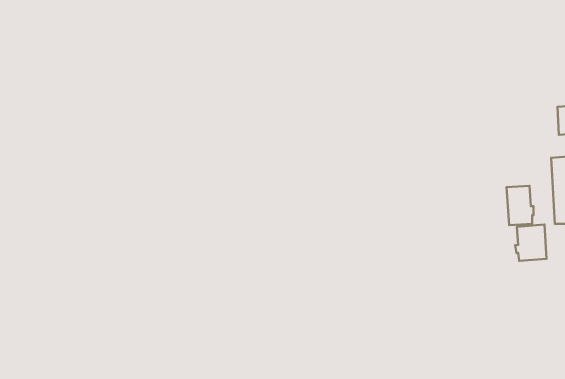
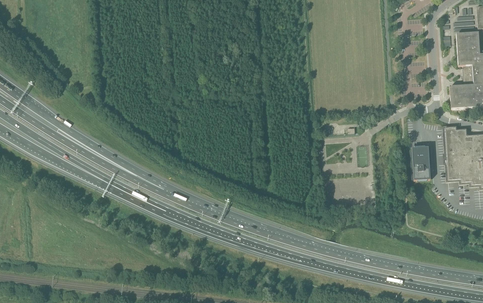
building: [515,225,547,261] -> none

